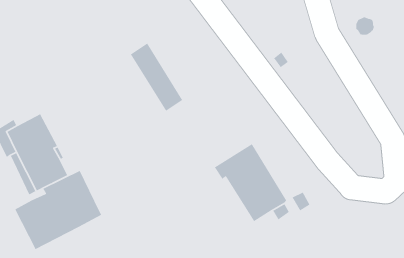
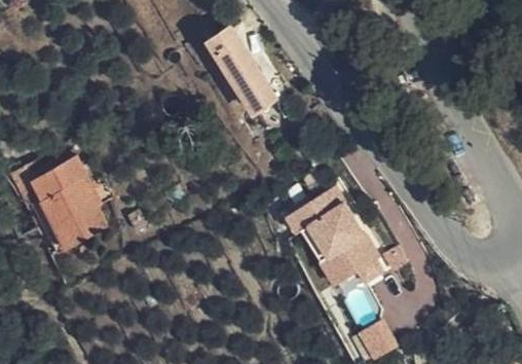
building: [130,42,183,112] -> [210,27,275,112]
building: [14,170,102,250] -> none

